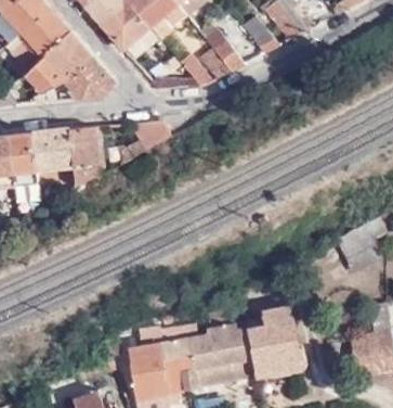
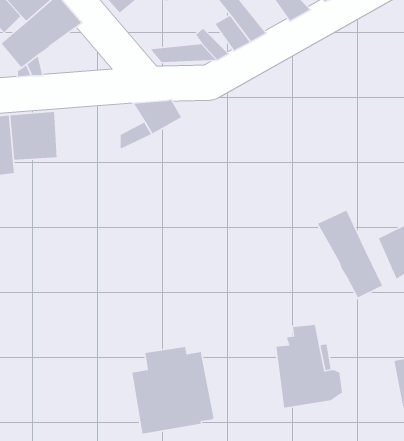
building: [62,56,113,99] -> none
building: [69,127,100,187] -> none
building: none -> [317,209,383,298]
building: [189,309,257,387] -> none

